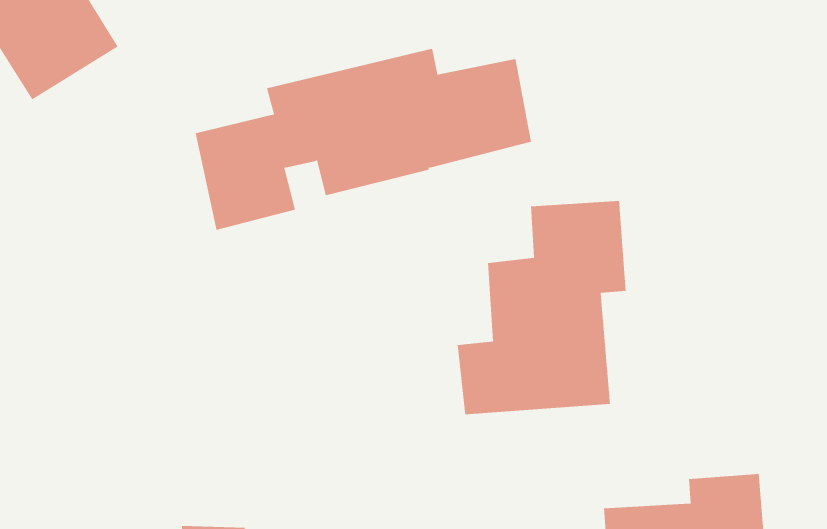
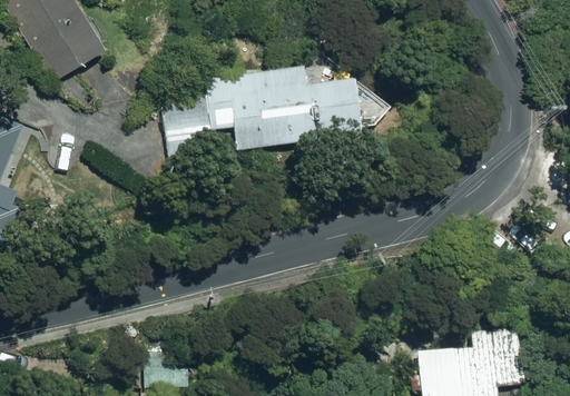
building: [457,200,626,415] -> none

